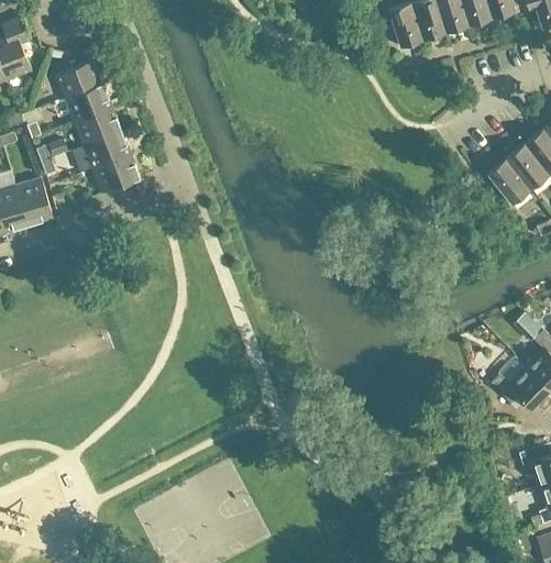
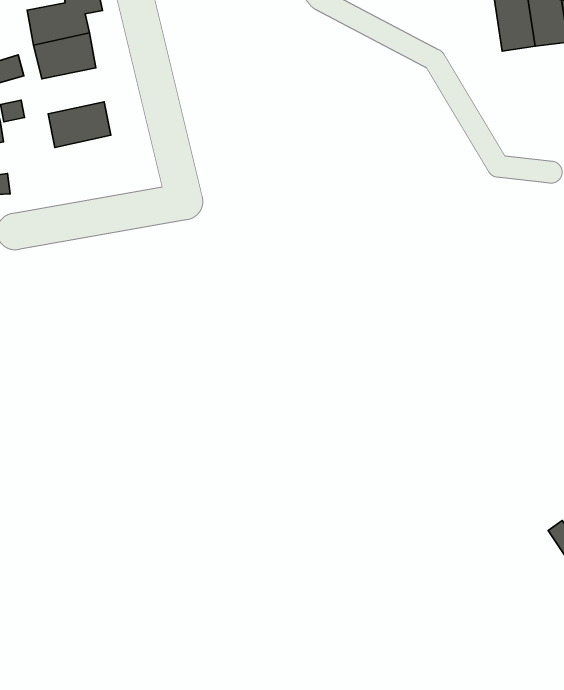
building: [75,107,122,145] -> none
building: [92,153,141,192] -> none

